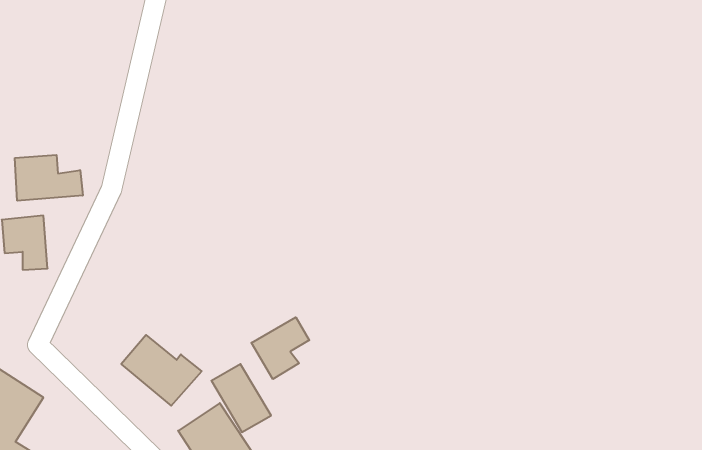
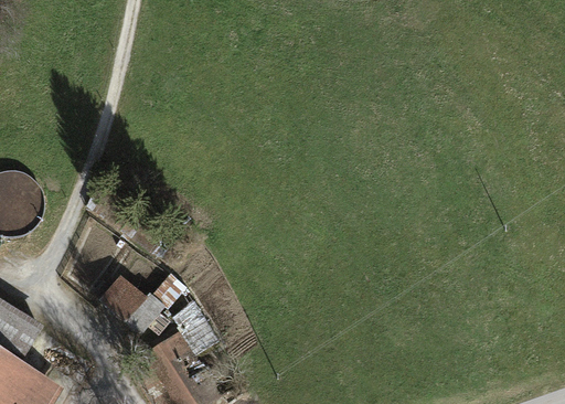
building: [15,155,83,201] -> none
building: [251,317,309,379] -> none

